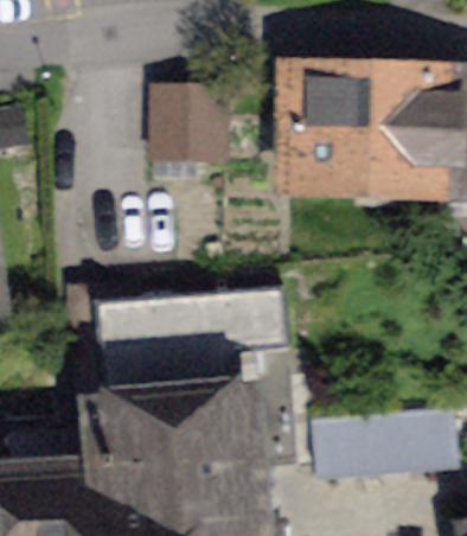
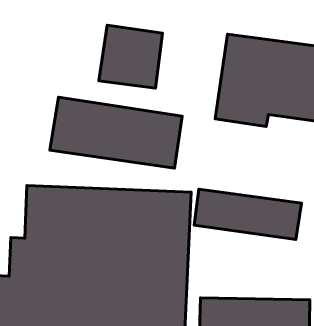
building: none -> [50,97,182,168]
building: none -> [194,189,301,240]

